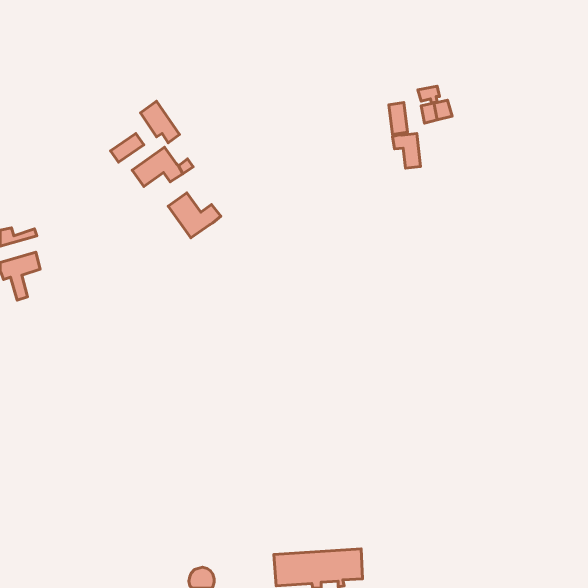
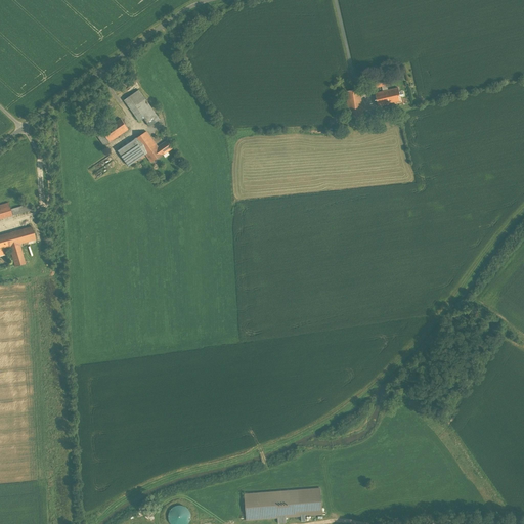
building: [392,133,420,168] -> none
building: [168,193,221,238] -> none

